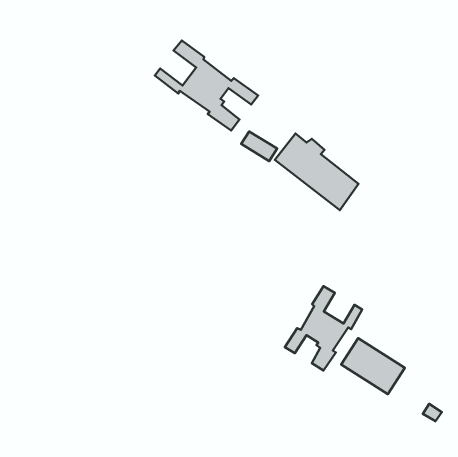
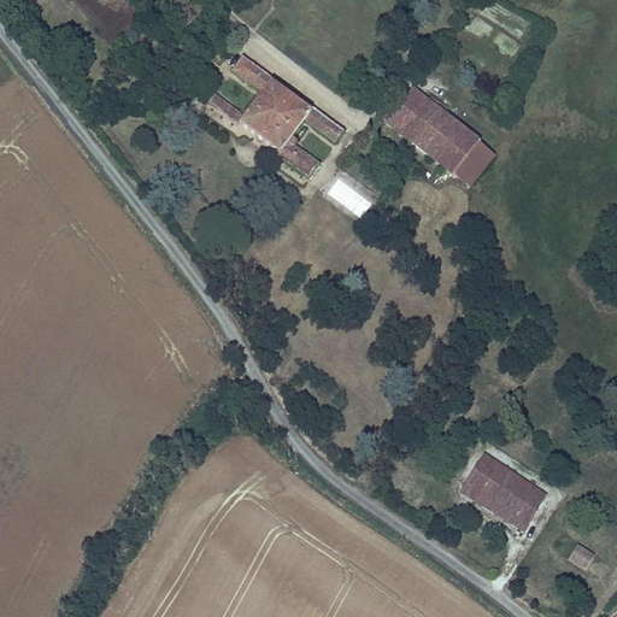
building: [275,134,359,210] -> [386,84,498,187]
building: [285,286,362,370] -> none

